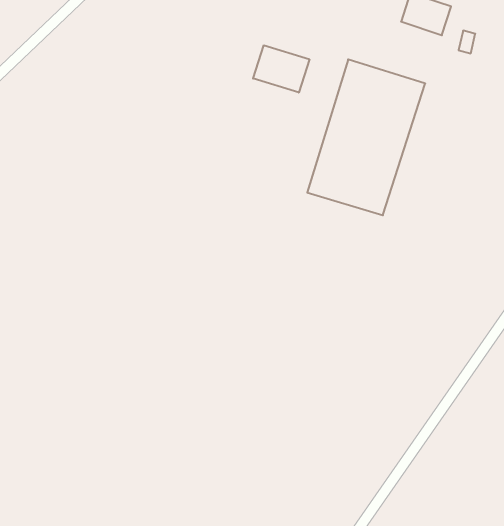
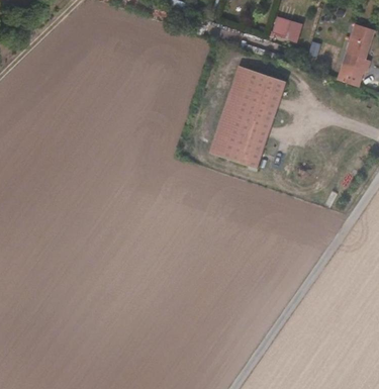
building: [253,45,309,93] -> none

